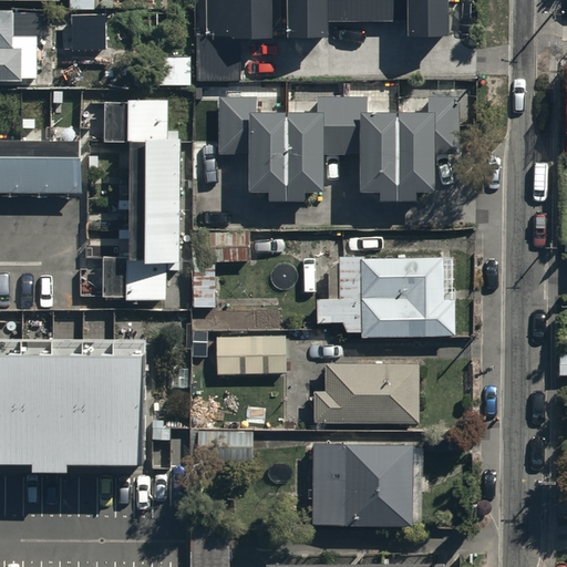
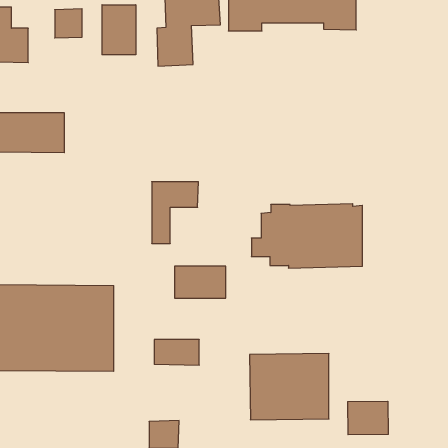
building: none -> [102,5,136,55]
building: [103,99,179,301] -> none
building: [217,102,458,202] -> none
building: [311,363,415,422] -> none
building: none -> [348,401,388,435]

